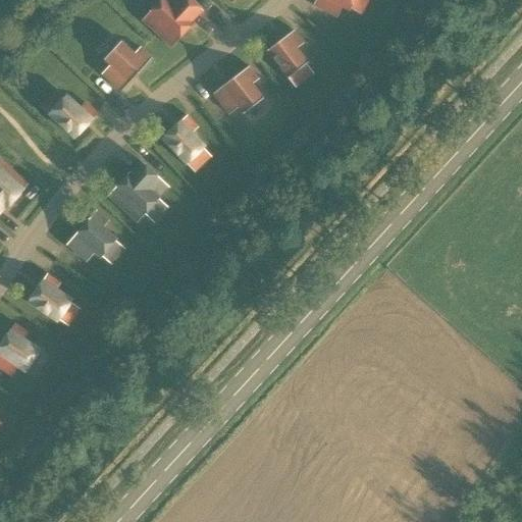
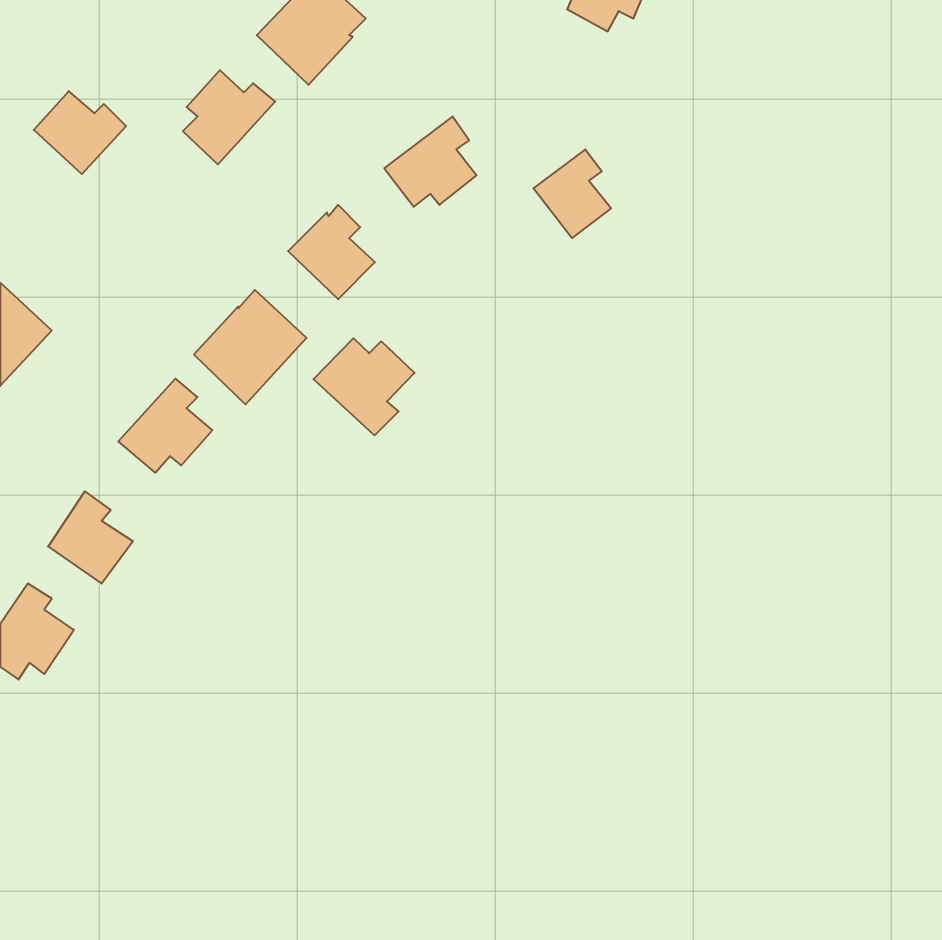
building: [267,30,310,79] -> [533,149,611,238]
building: [48,94,99,140] -> [34,91,126,174]
building: none -> [313,338,415,435]

